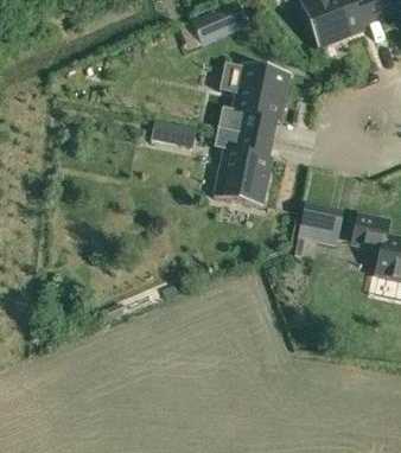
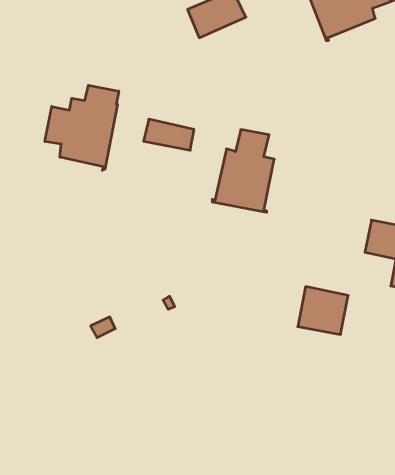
building: [217,62,289,135] -> none
building: none -> [45,85,119,170]
building: [298,203,344,247] -> [298,287,348,334]

